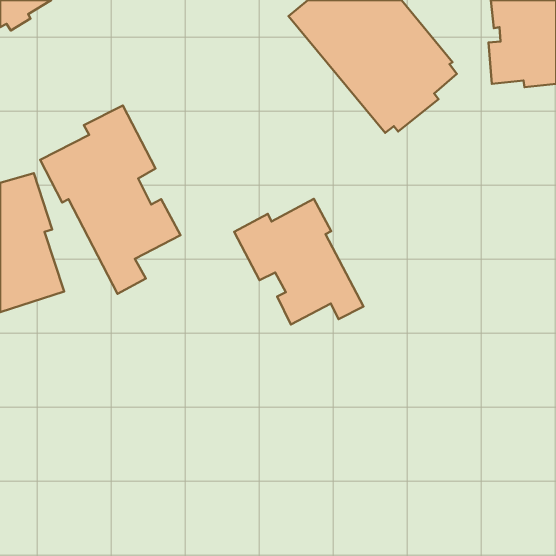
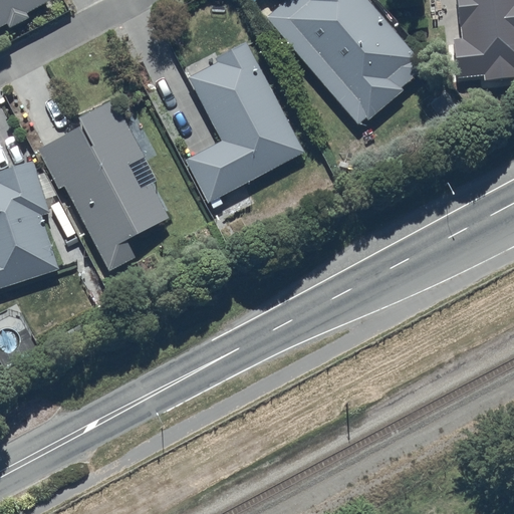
building: none -> [185,39,304,201]
building: [234,199,363,324] -> none

